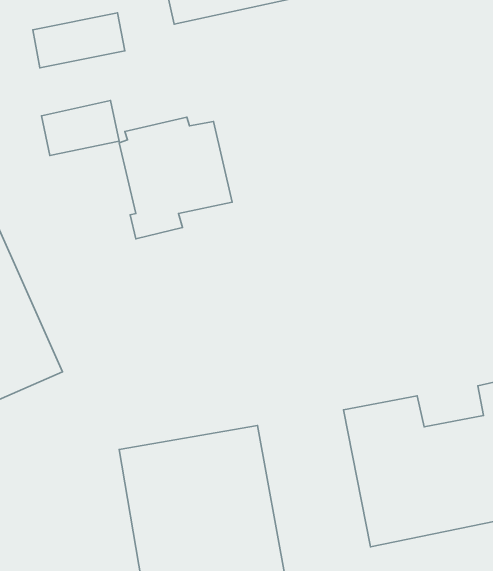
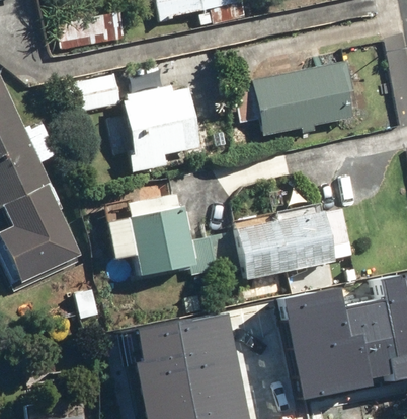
building: none -> [233,59,354,140]
building: none -> [126,206,219,276]
building: none -> [233,207,353,280]

